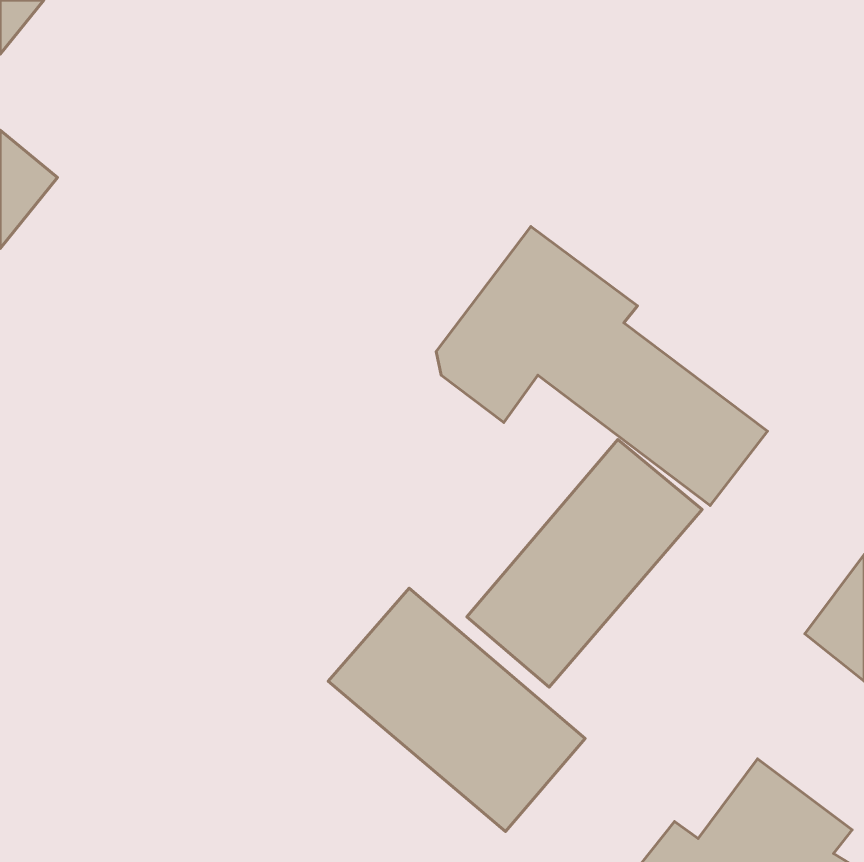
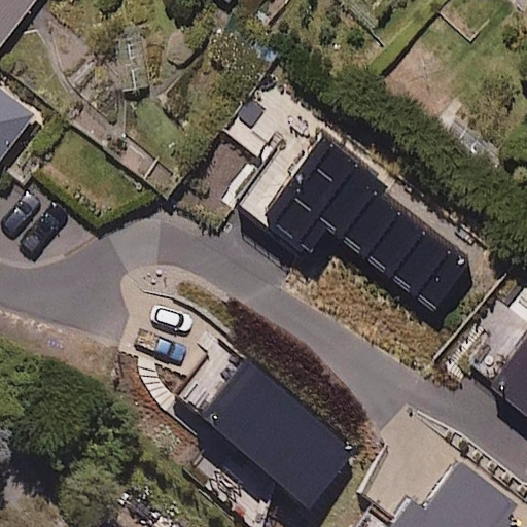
building: [467,440,702,687] -> none

